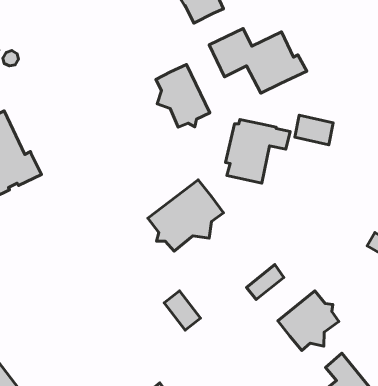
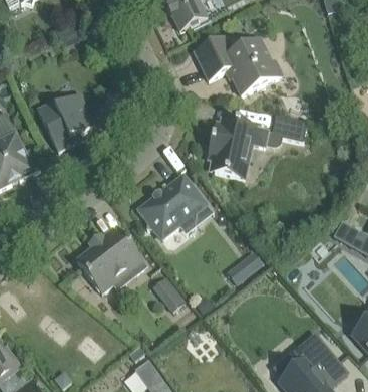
building: [156,65,210,127] -> none
building: none -> [37,93,95,151]
building: none -> [76,225,143,292]
building: [278,291,339,350] -> none

